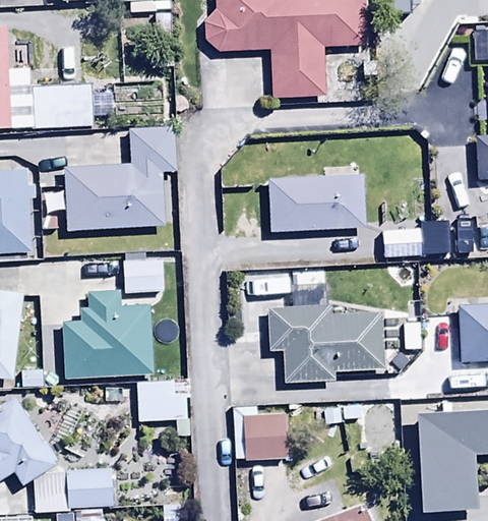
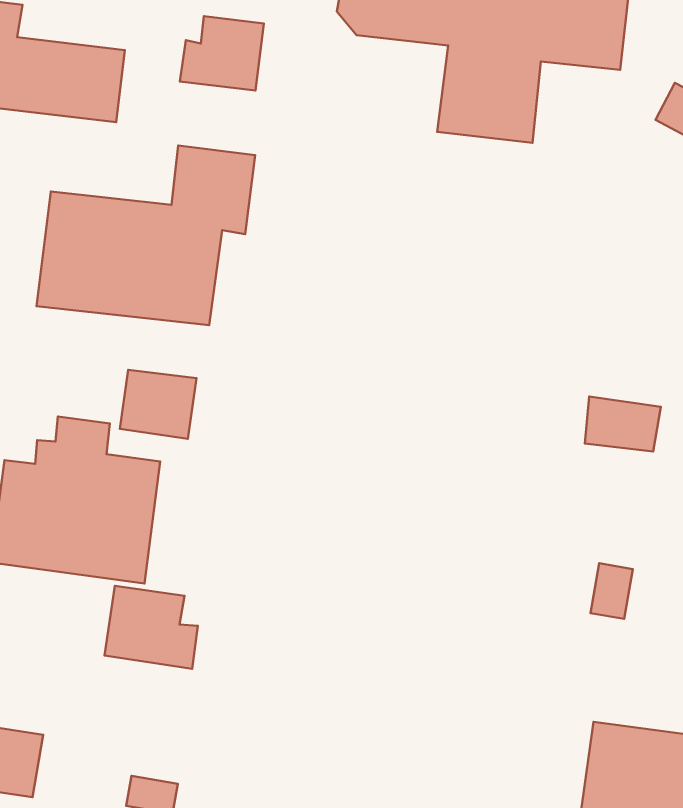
building: none -> [180,16,264,90]
building: [267,174,366,229] -> none
building: [269,284,384,383] -> none
building: [233,408,287,458] -> none

